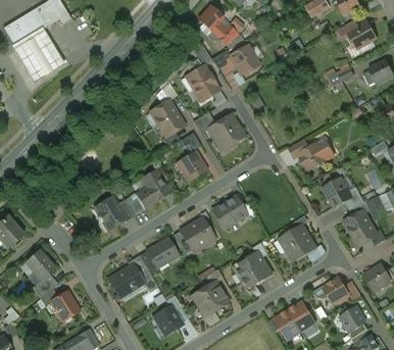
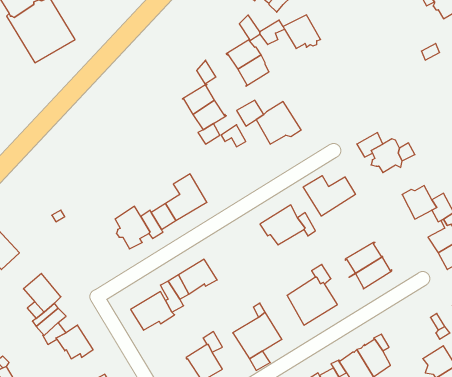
building: [180,151,206,181] -> none
building: none -> [303,176,355,216]
building: [173,217,215,254] -> none
building: [323,278,348,303] -> none

